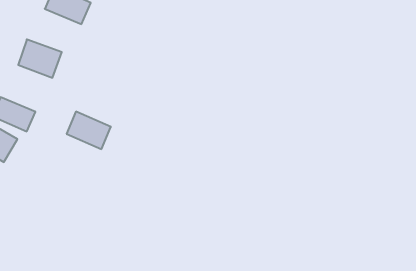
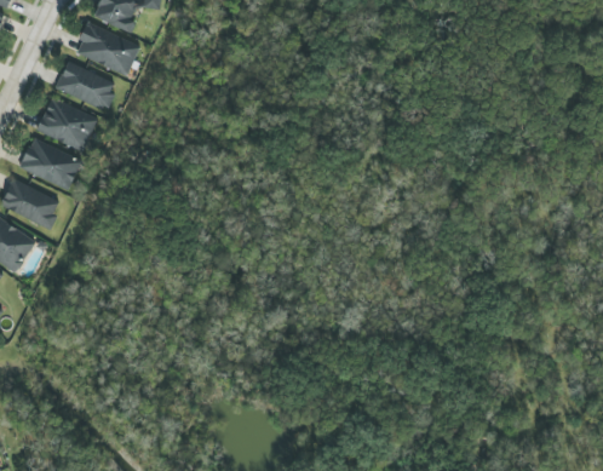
building: none -> [54,62,114,110]
building: [67,112,111,149] -> [18,137,81,190]

